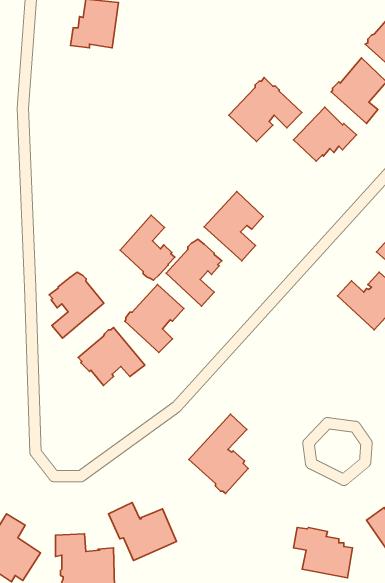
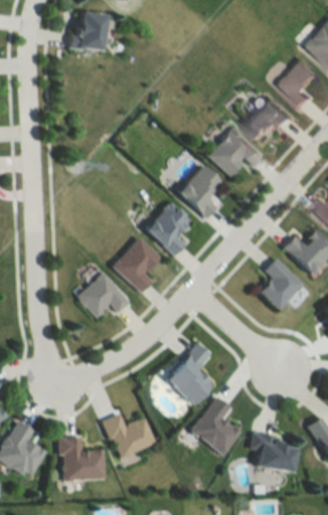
building: [229,77,302,142] -> [205,126,264,177]
building: [120,215,175,280] -> none
building: [49,272,104,338] -> none
building: none -> [257,258,302,311]
building: none -> [188,397,237,456]

